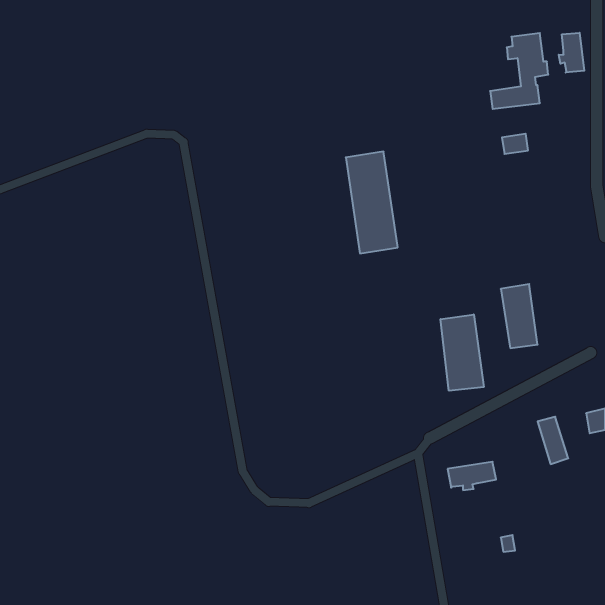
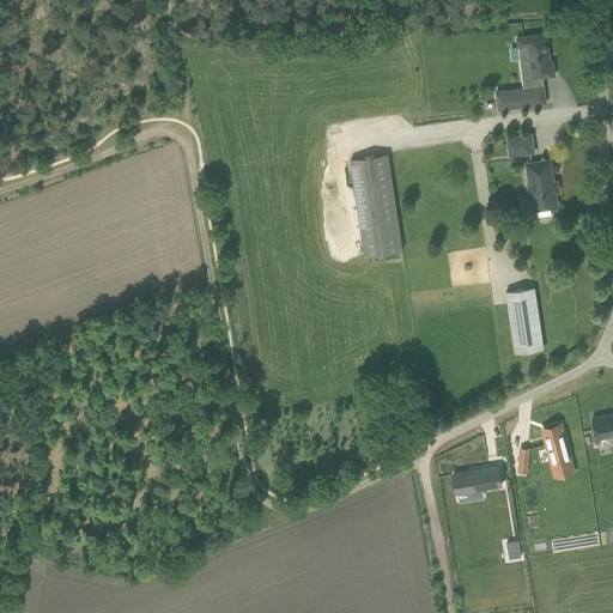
building: [559,33,584,73] -> none
building: none -> [527,159,559,217]
building: [441,314,484,391] -> none

